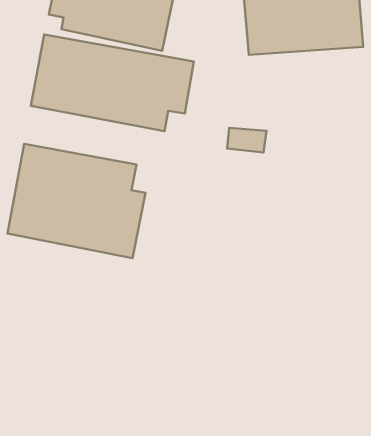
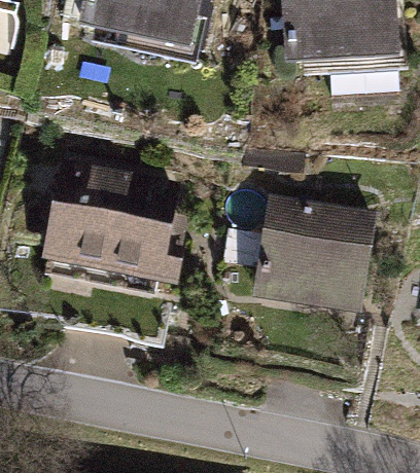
building: [31,35,194,131] -> none
building: none -> [254,194,380,317]

